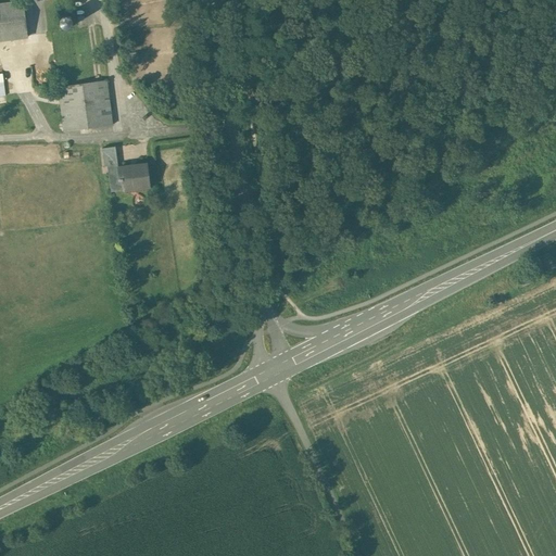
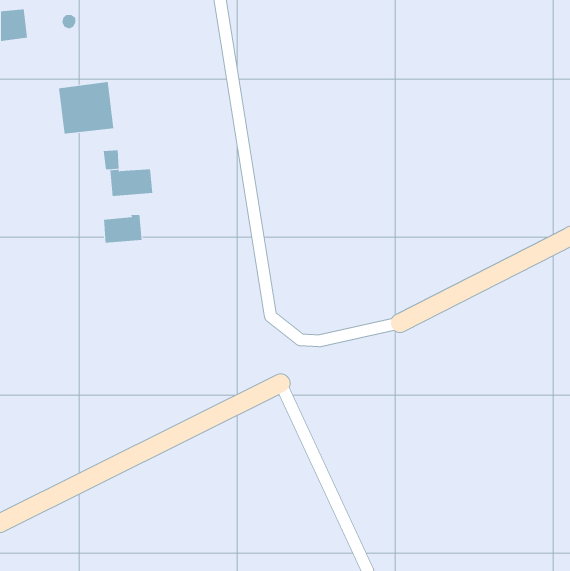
building: none -> [103,214,142,244]

